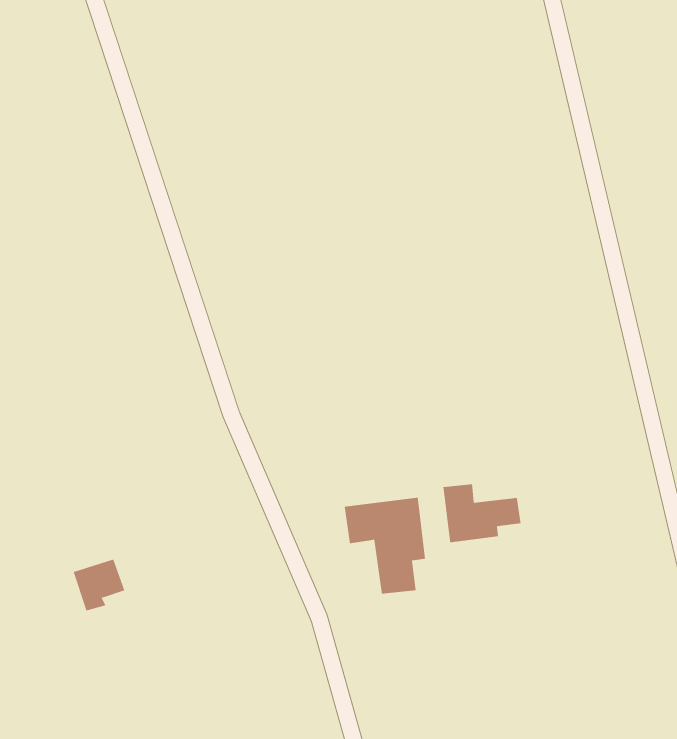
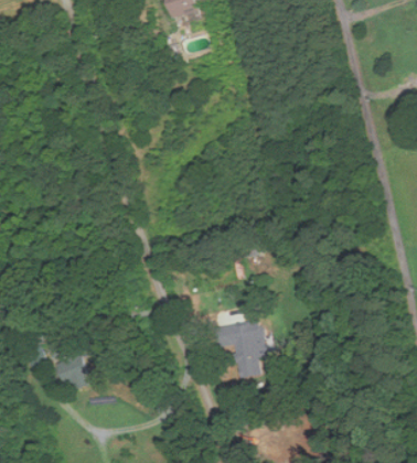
building: [443,484,521,543] -> none

